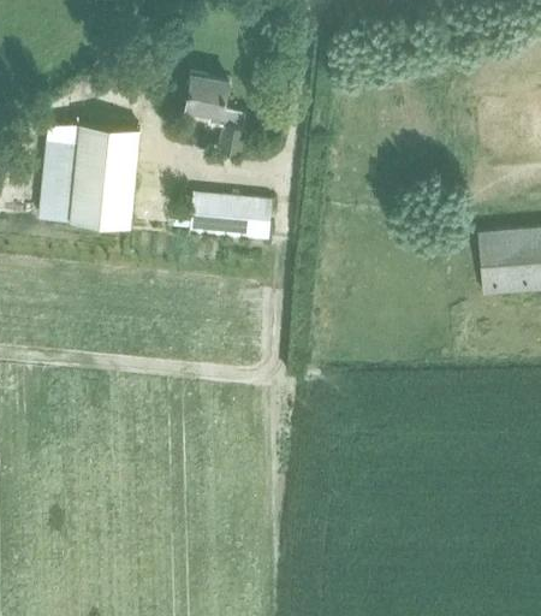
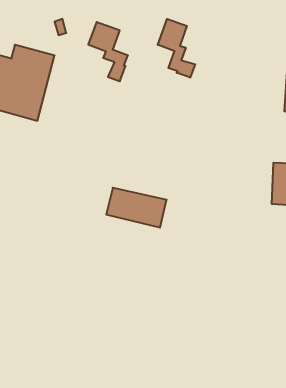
building: none -> [158,19,195,78]
building: [191,192,274,239] -> [106,188,167,228]

